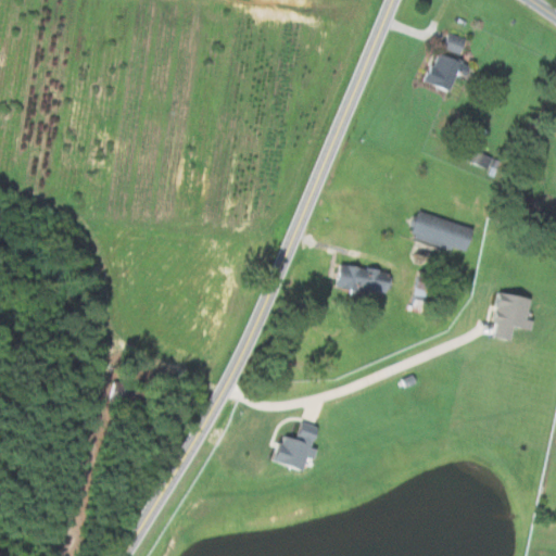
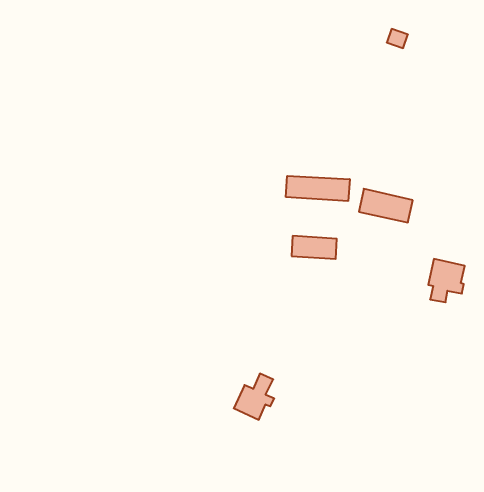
building: [426,53,478,92] -> none
building: none -> [286,176,350,201]

